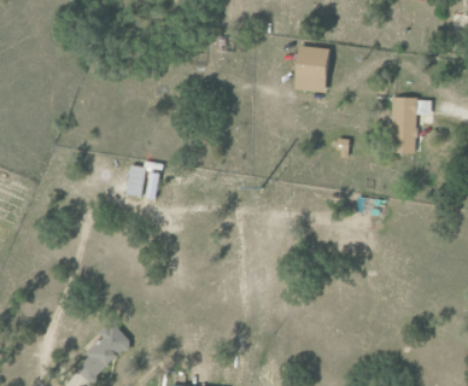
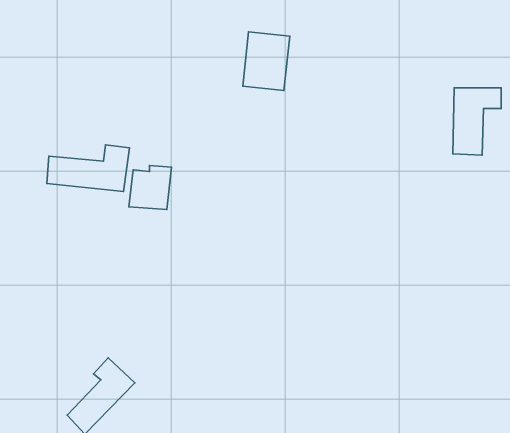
building: [291,46,329,94] -> [243,32,290,91]
building: none -> [47,145,129,192]

